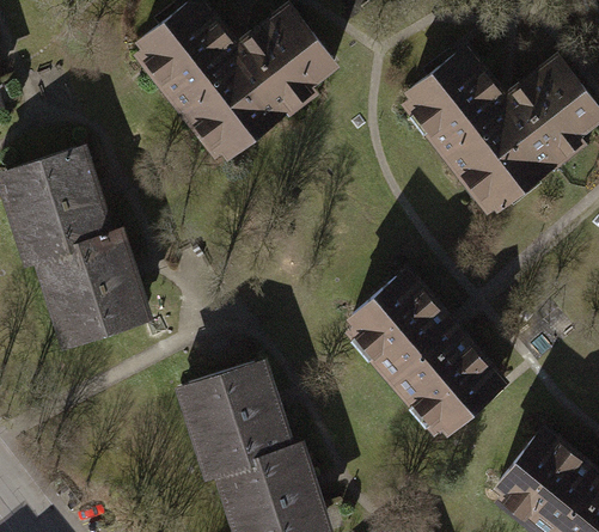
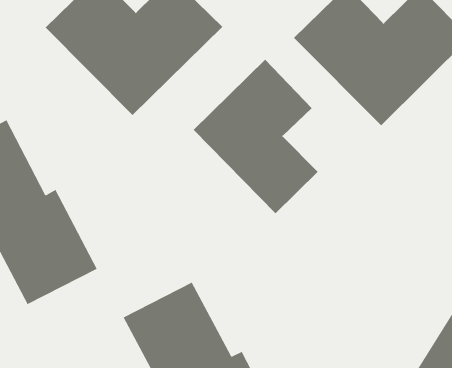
building: none -> [193,59,318,214]
building: [337,262,509,440] -> none

